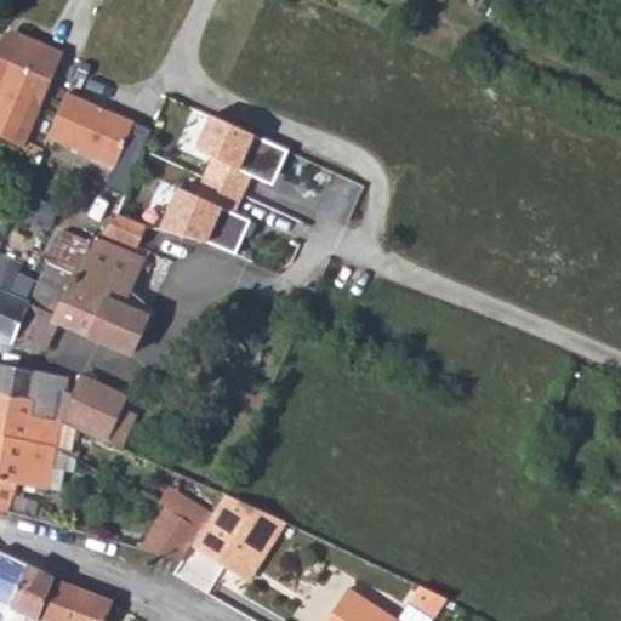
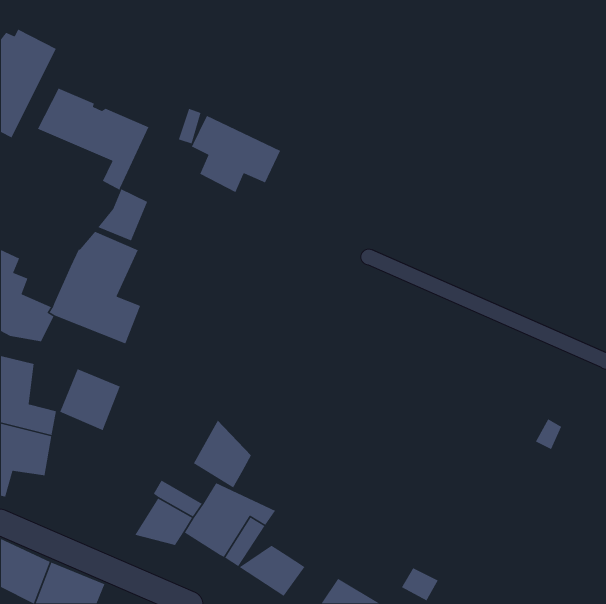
building: [158,178,247,255] -> none
building: [29,262,72,310] -> none
building: [30,372,64,421] -> none
building: none -> [193,420,252,489]
building: none -> [238,545,305,597]

